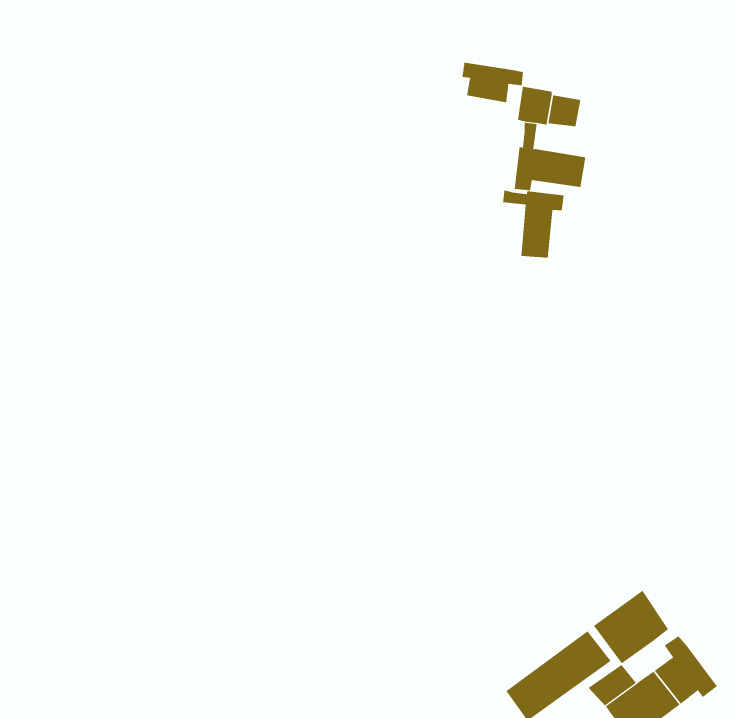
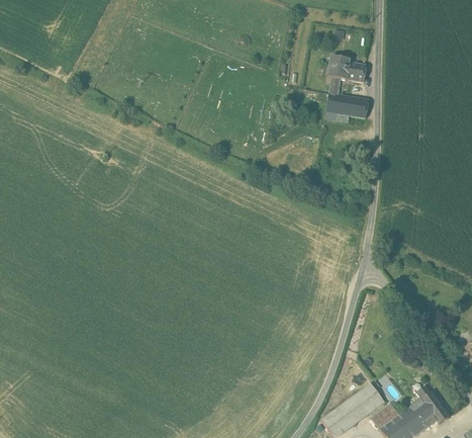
building: [462,62,523,103] -> none
building: [503,190,564,258] -> none
building: [593,590,669,664] -> none

